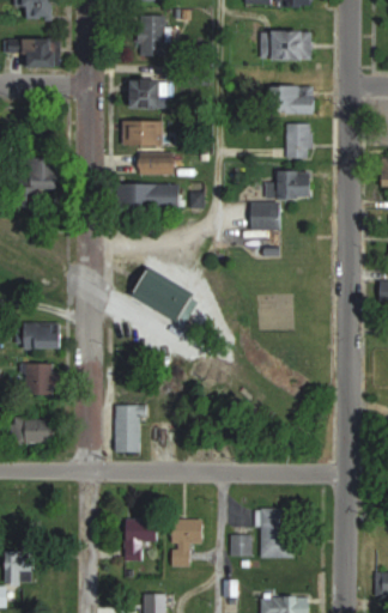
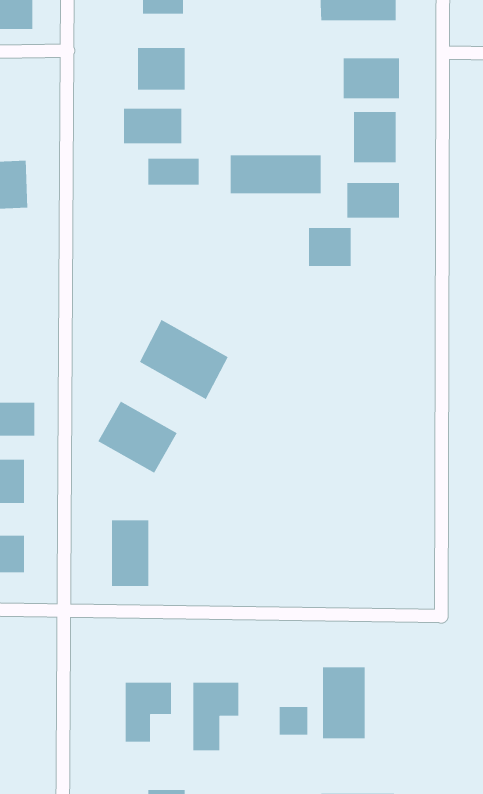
building: [115,183,178,211] -> [230,155,321,194]
building: none -> [97,400,178,474]

